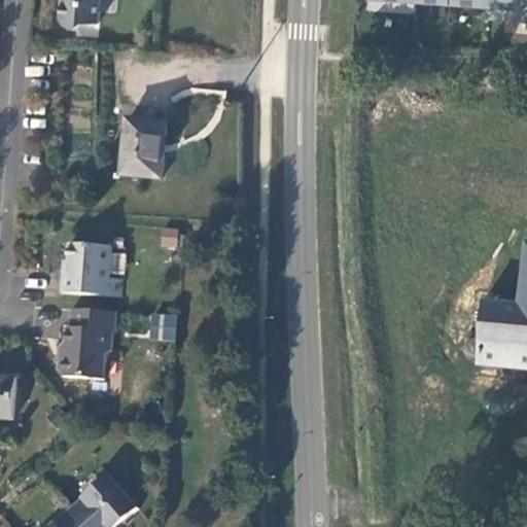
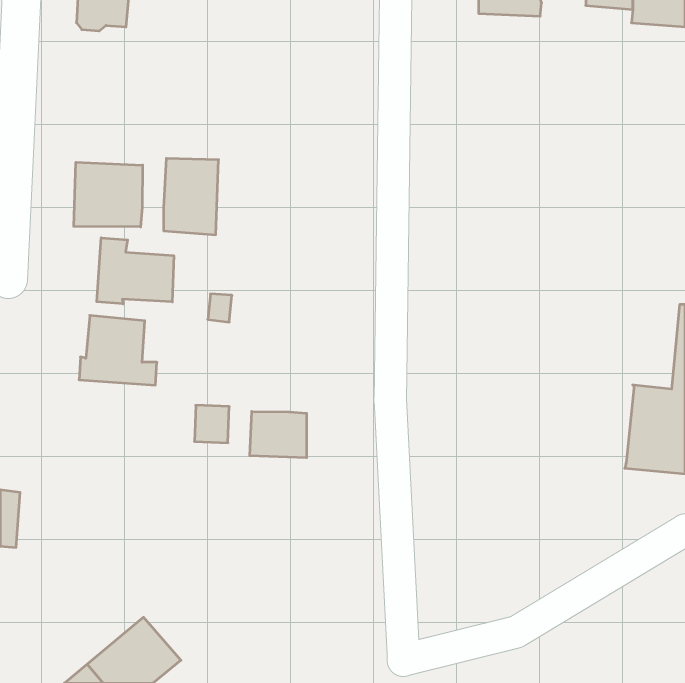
building: none -> [74,162,143,227]
building: none -> [97,238,174,304]
building: [58,308,116,379] -> none
building: none -> [250,411,307,458]

